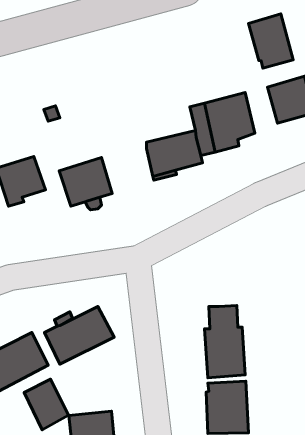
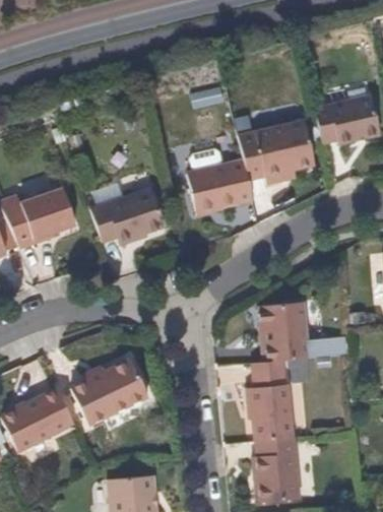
building: [248,14,293,68] -> none
building: none -> [265,300,344,359]
building: [24,379,69,430] -> none

